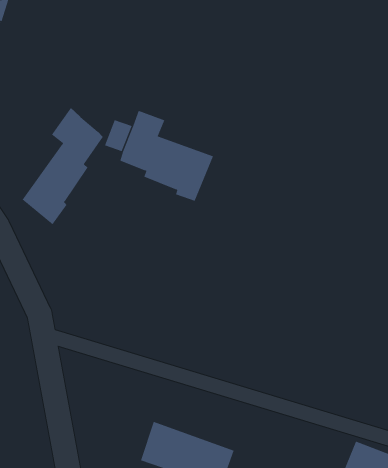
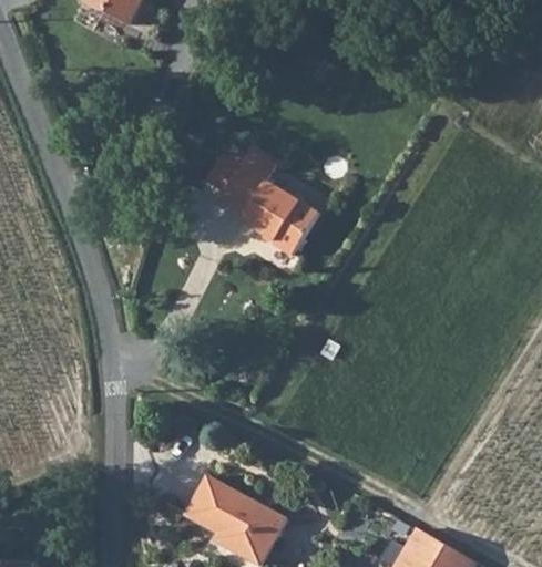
building: [22,107,103,225] -> none

